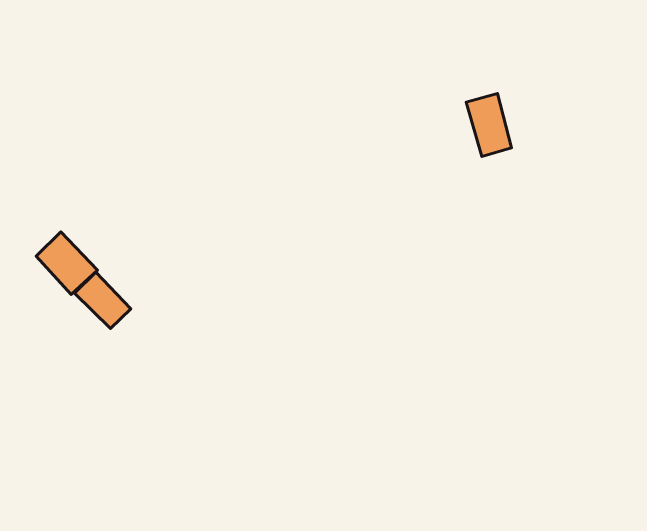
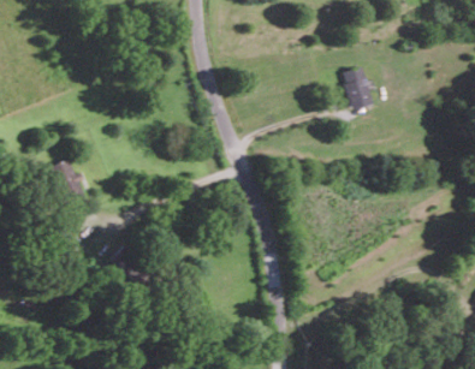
building: [75,272,131,328] -> none

